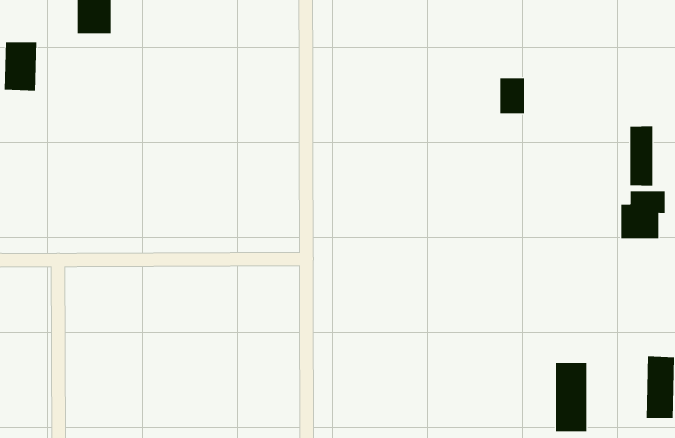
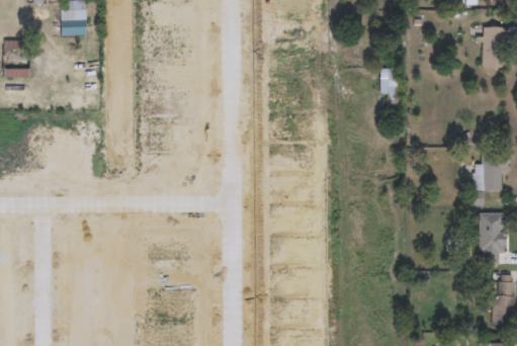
building: none -> [483,26,509,67]
building: [630,125,653,187] -> none
building: [555,363,587,432] -> [479,211,503,264]

